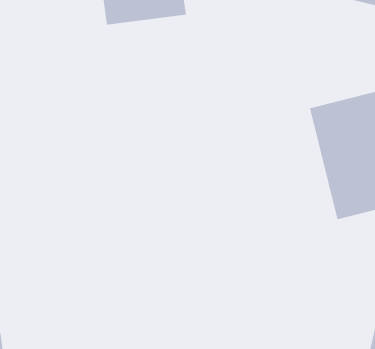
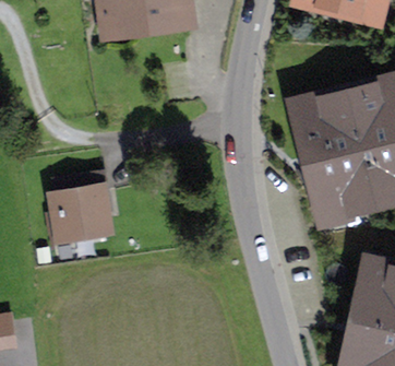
building: none -> [45,178,106,241]

